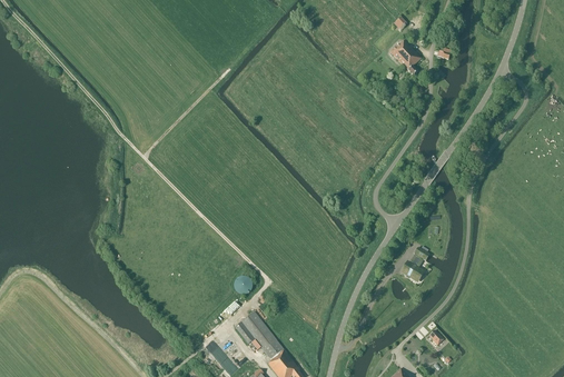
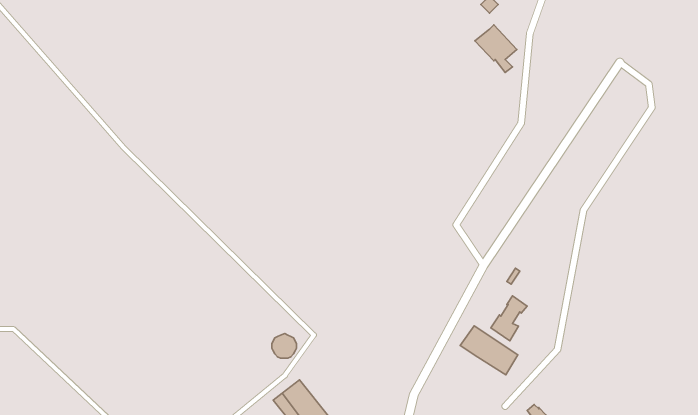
building: none -> [460,326,518,375]

